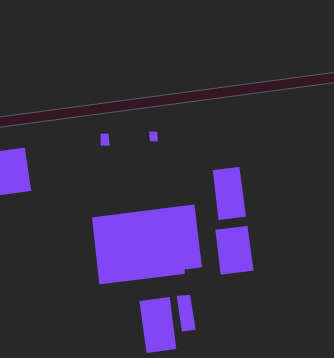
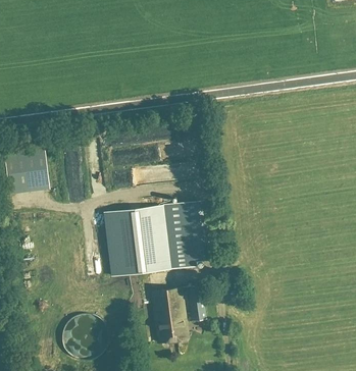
building: [212,166,247,221] -> none
building: [215,225,254,275] -> none

